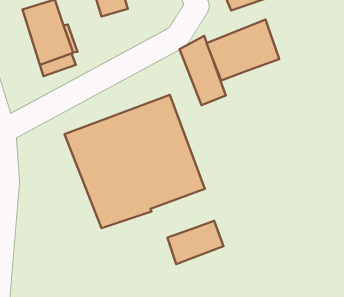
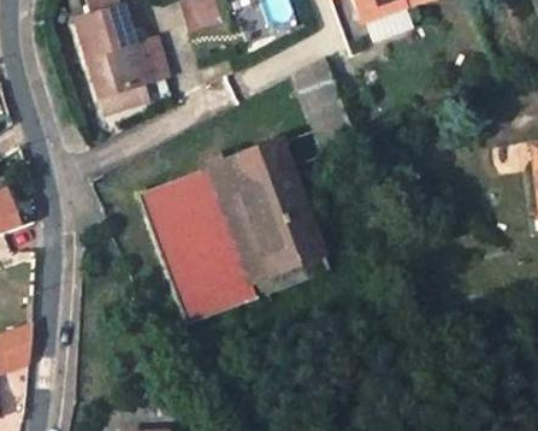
building: [207,20,279,80] -> none
building: [167,221,224,264] -> none

